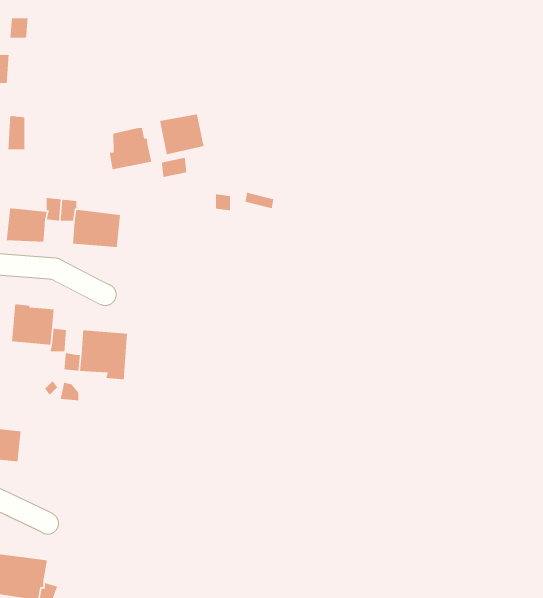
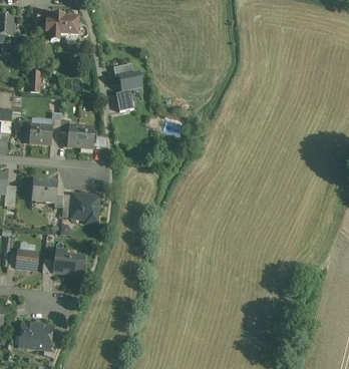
building: none -> [44,13,80,41]
building: [109,127,152,170] -> none
building: none -> [53,249,83,276]

